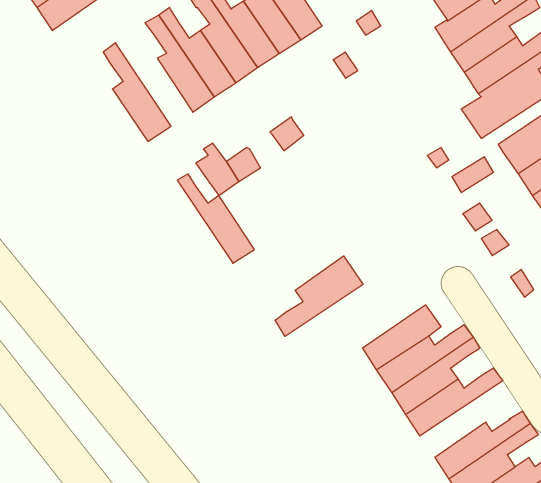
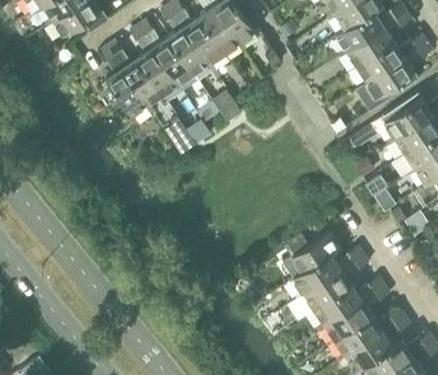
building: [177,174,254,263] -> [109,41,164,104]
building: [275,256,363,336] -> none
building: none -> [325,285,389,340]

